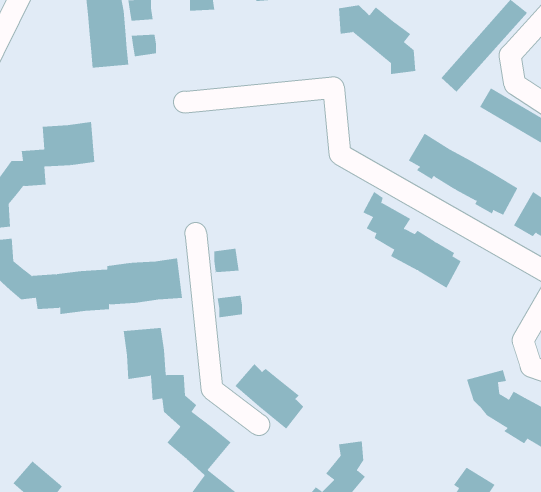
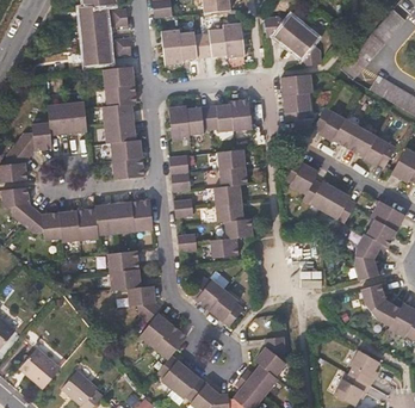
building: none -> [162,23,243,64]
building: none -> [103,62,143,179]
building: none -> [284,74,315,126]
building: none -> [168,99,253,137]
building: none -> [212,150,254,258]
building: none -> [168,153,190,187]
building: none -> [354,203,405,280]

